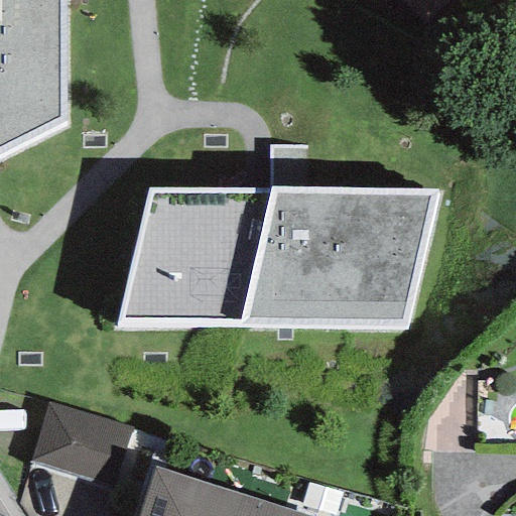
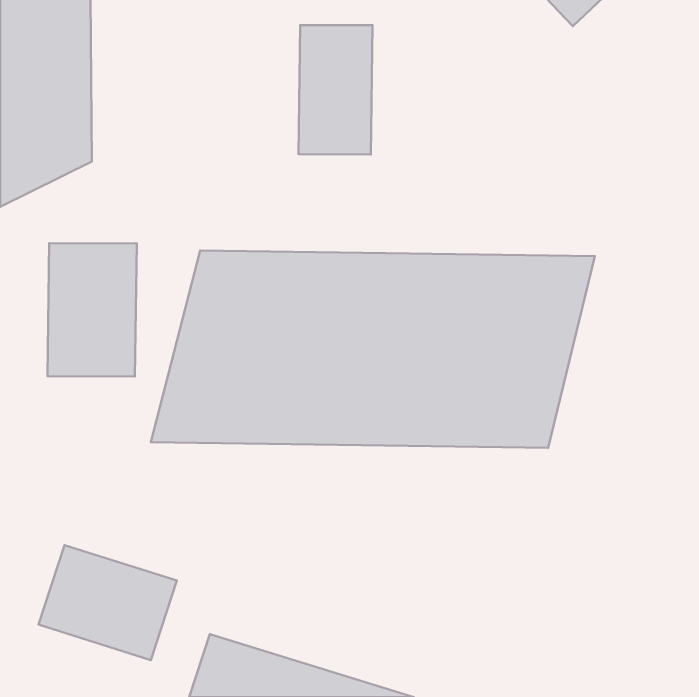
building: none -> [298,25,372,154]
building: none -> [47,243,137,376]

